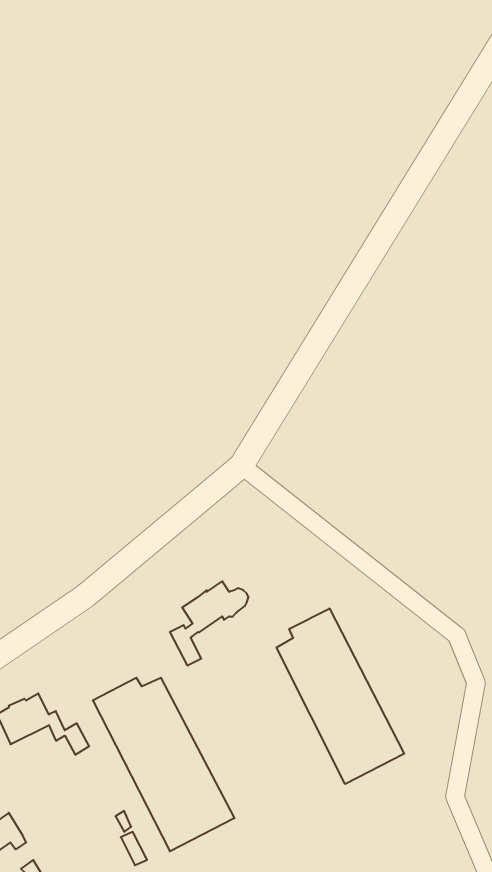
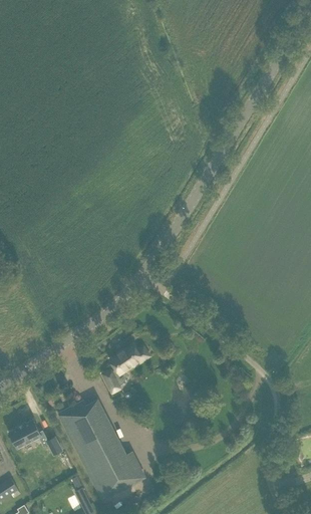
building: [277,608,404,784] -> none

